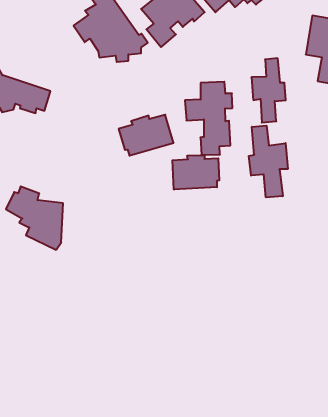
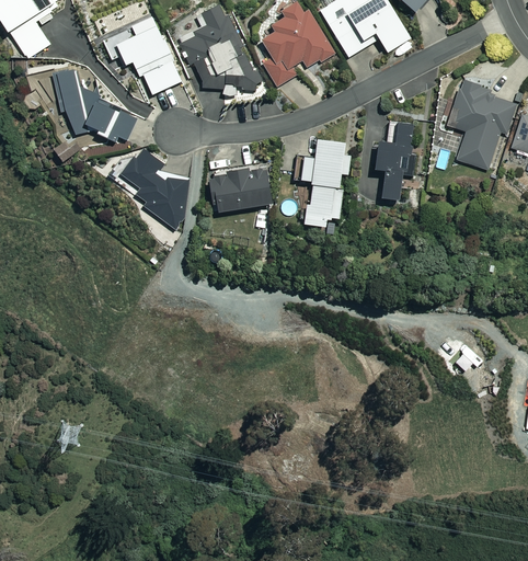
building: none -> [103,27,180,94]
building: [249,126,288,197] -> none
building: [172,155,219,190] -> none
building: [6,186,63,250] -> [122,150,191,232]

